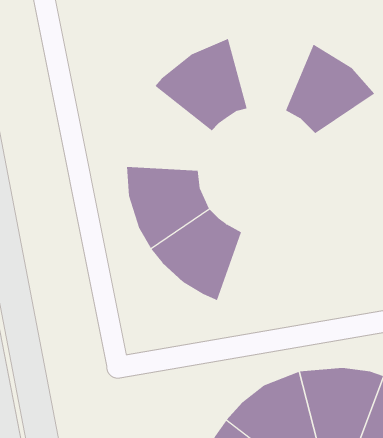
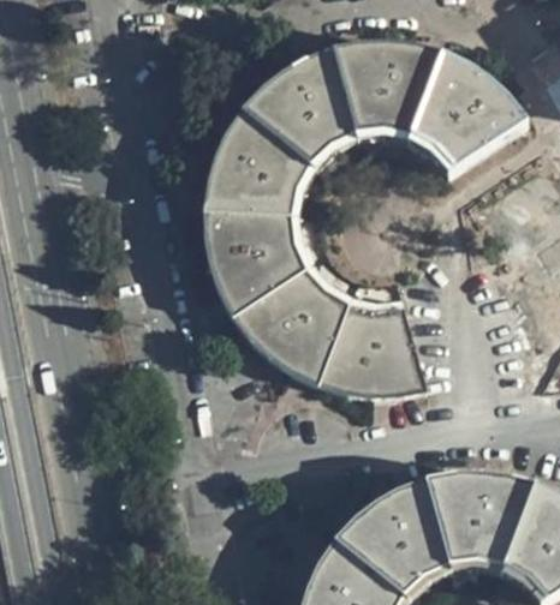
building: none -> [335,44,443,142]
building: none -> [204,110,314,218]
building: none -> [321,298,423,394]

